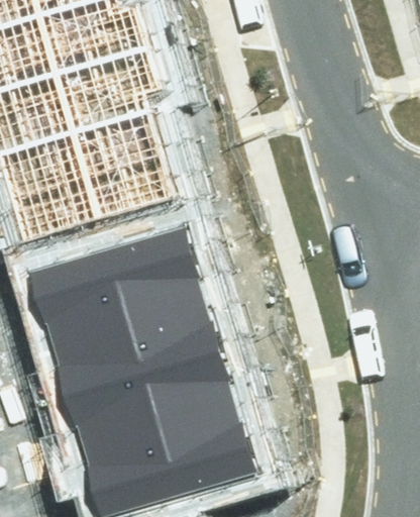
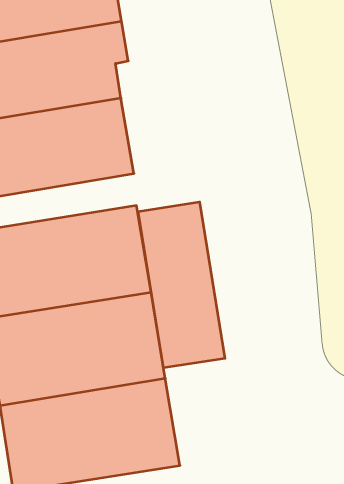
building: none -> [138,202,225,368]

